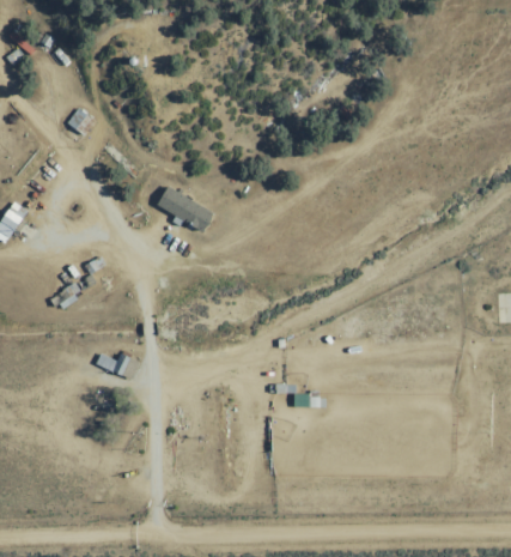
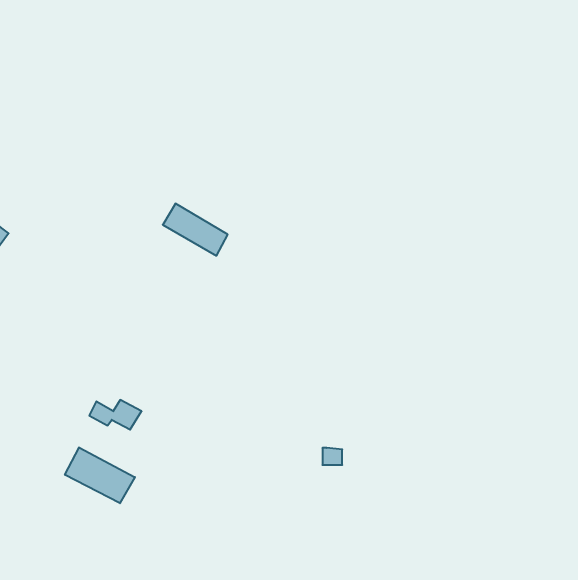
building: none -> [65,447,135,503]

